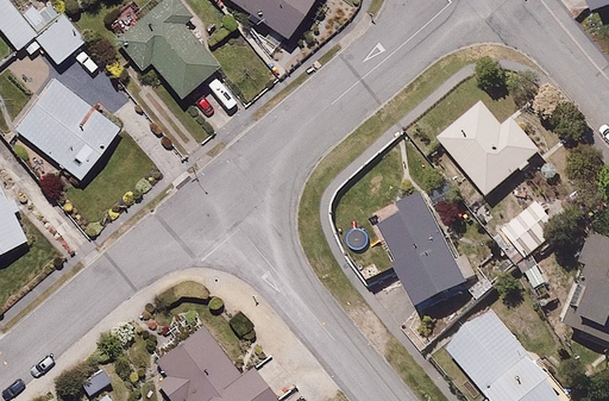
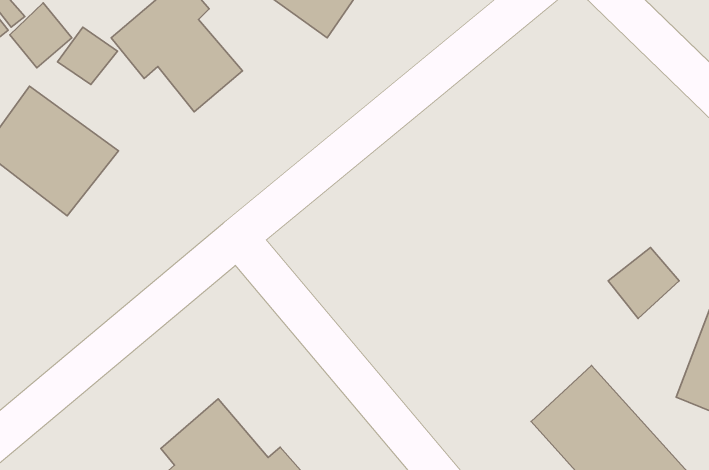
building: none -> [57,27,118,85]
building: [441,98,550,195] -> none
building: [378,193,481,305] -> none

